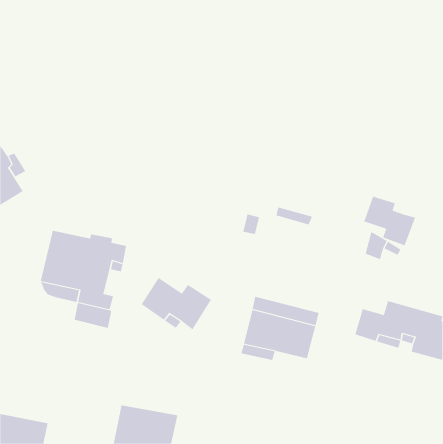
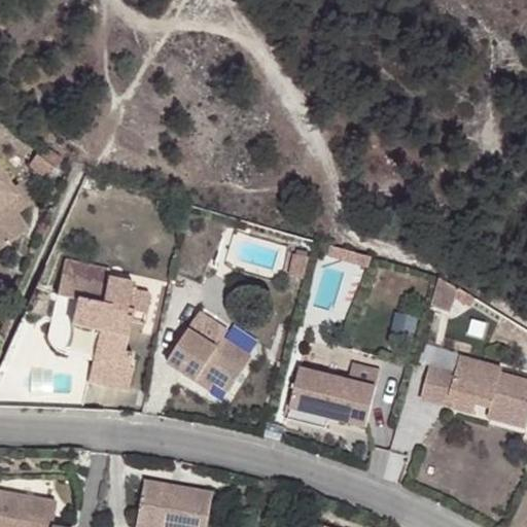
building: [364,196,416,246] -> none

